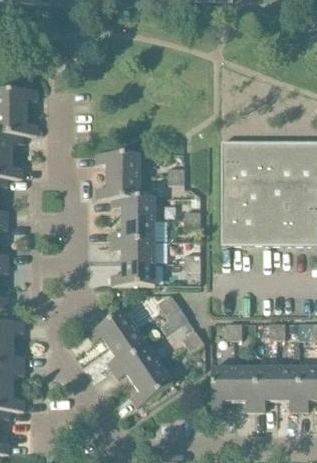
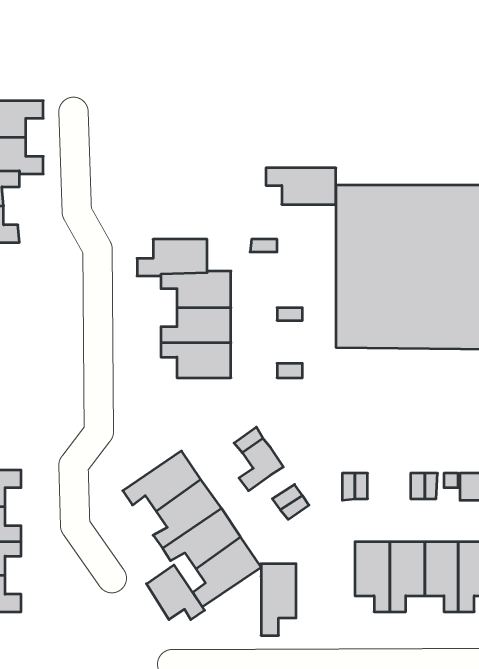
building: [96,153,140,176] -> [266,168,336,204]
building: [111,263,156,285] -> none
building: [211,366,233,411] -> [261,564,296,635]
building: none -> [146,565,205,620]

